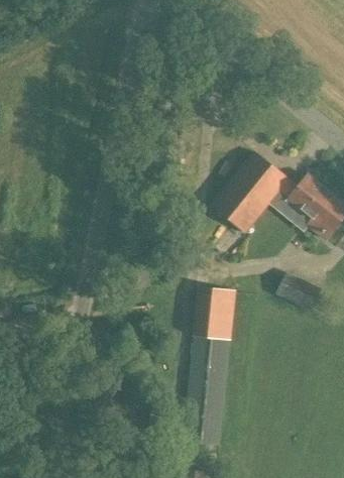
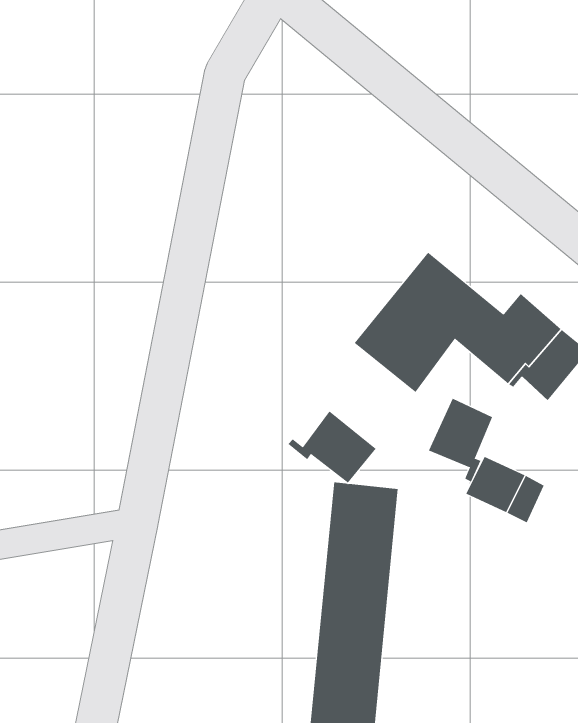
building: none -> [428,398,493,482]
building: none -> [288,410,377,484]

